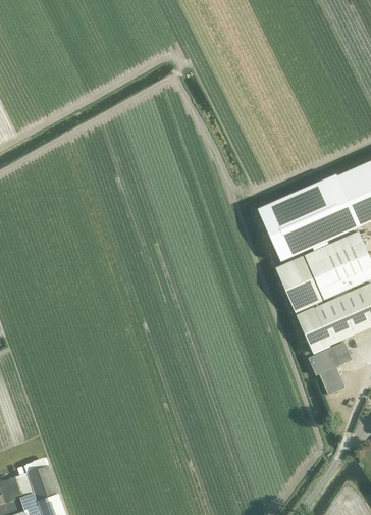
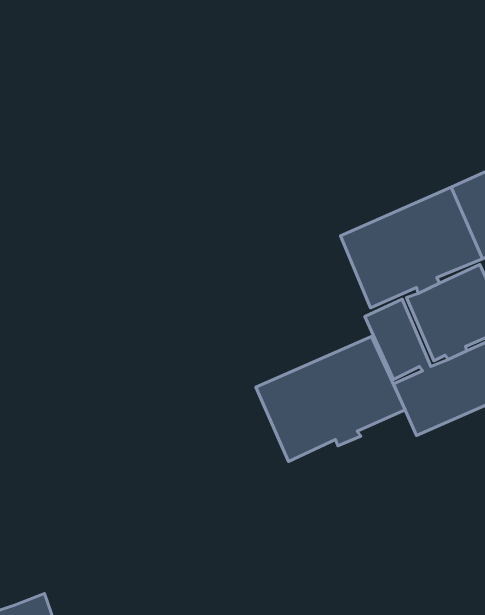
building: none -> [256,336,405,462]
building: [308,341,351,394] -> none

